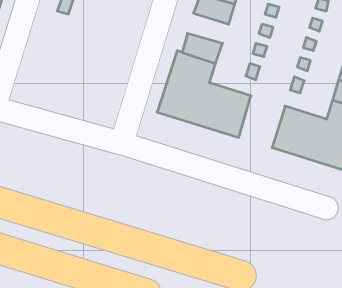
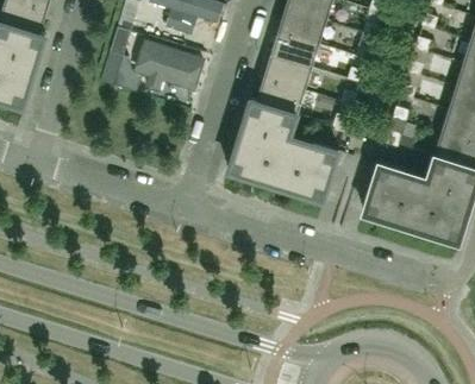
building: none -> [102,48,206,111]
building: none -> [263,53,312,89]

